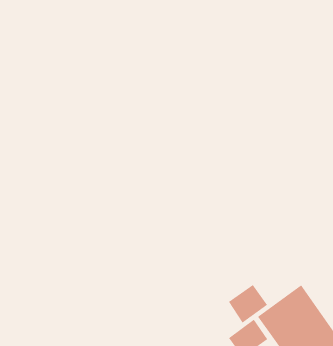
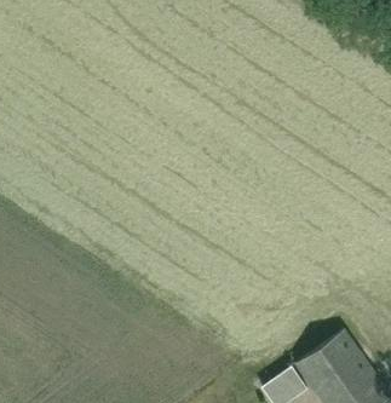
building: [228,284,268,324] -> none

